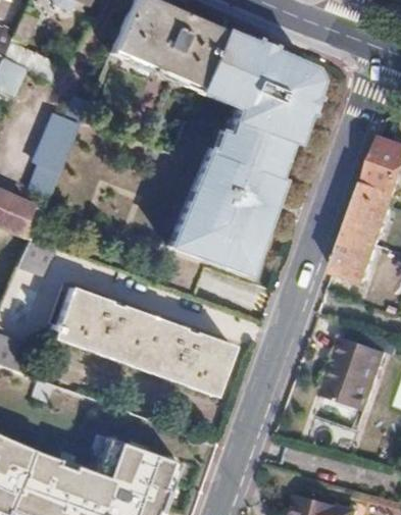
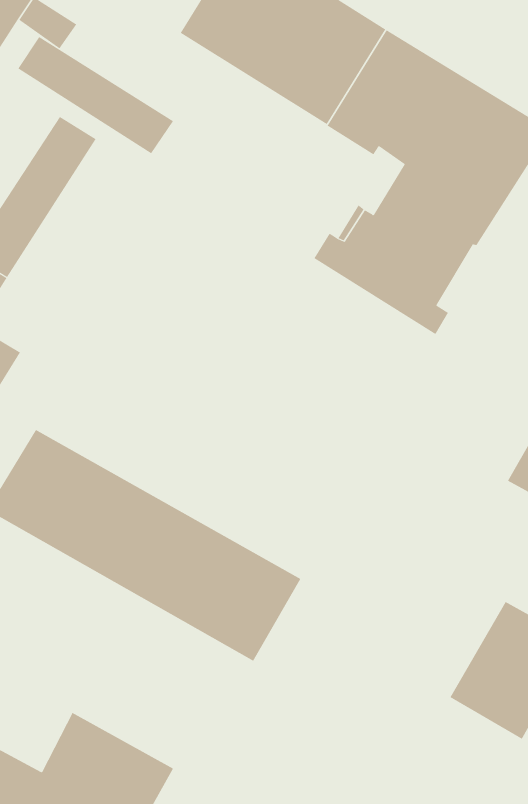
building: none -> [18,36,174,154]
building: [172,166,281,277] -> none

